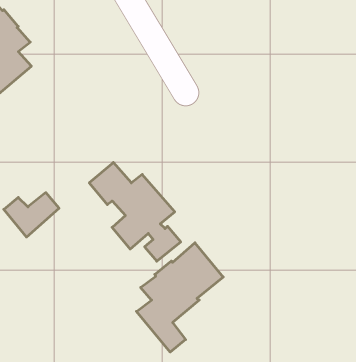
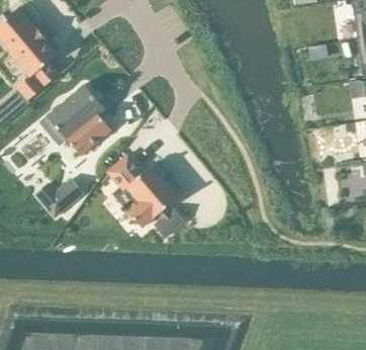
building: none -> [40,84,111,156]
building: [136,243,223,352] -> none

